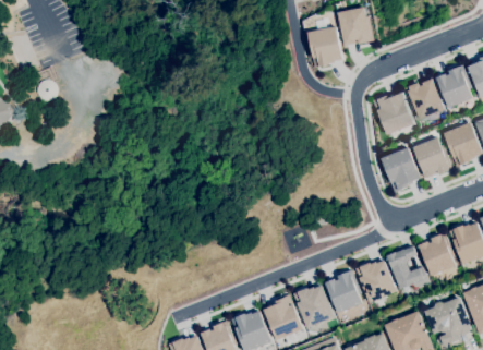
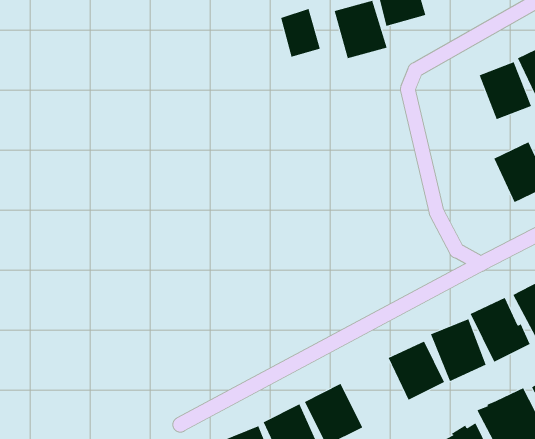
building: none -> [281,8,320,57]
building: [373,92,414,135] -> none
building: [382,147,420,190] -> none
building: [293,283,334,327] -> none

